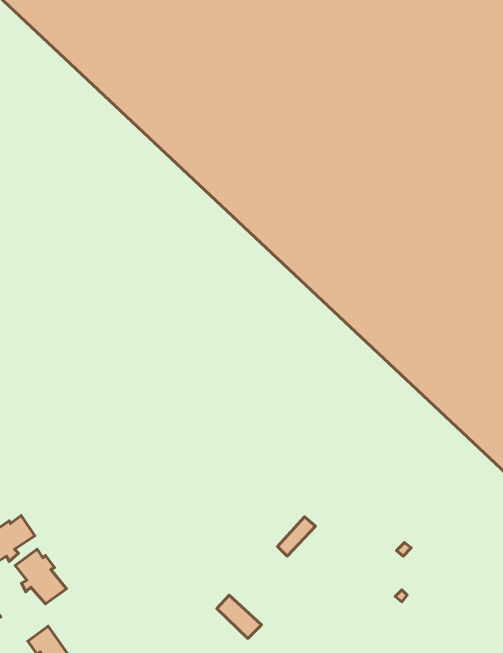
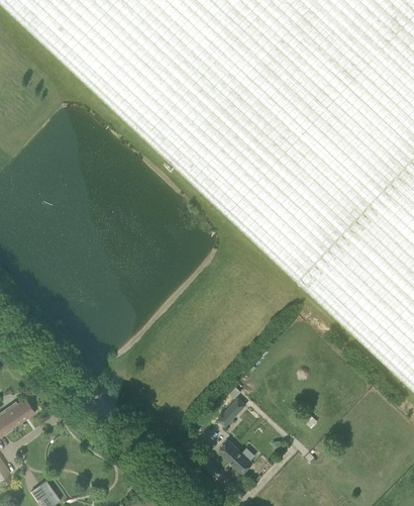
building: [15,549,67,604] -> none
building: [217,595,261,638] -> [222,437,255,470]

